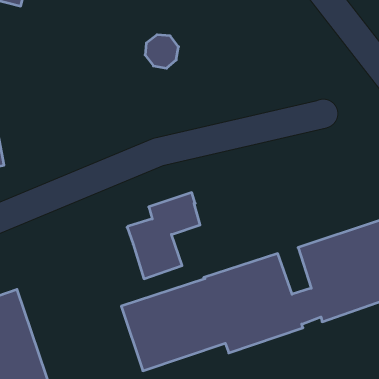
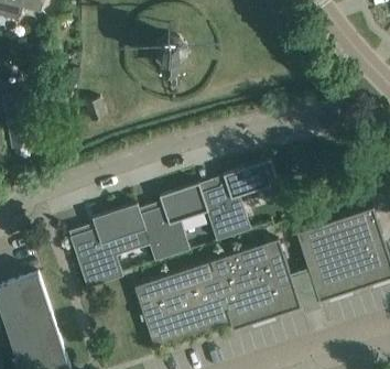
building: none -> [201,159,278,240]
building: none -> [69,203,144,287]

